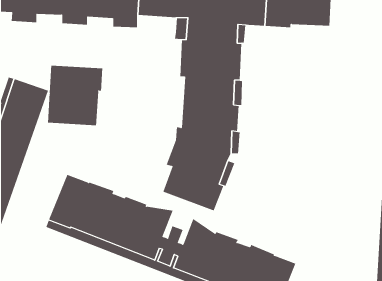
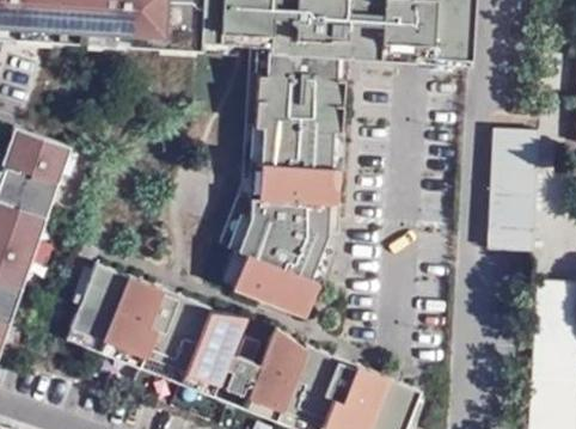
building: [48,65,103,126] -> none
building: none -> [483,129,533,252]

